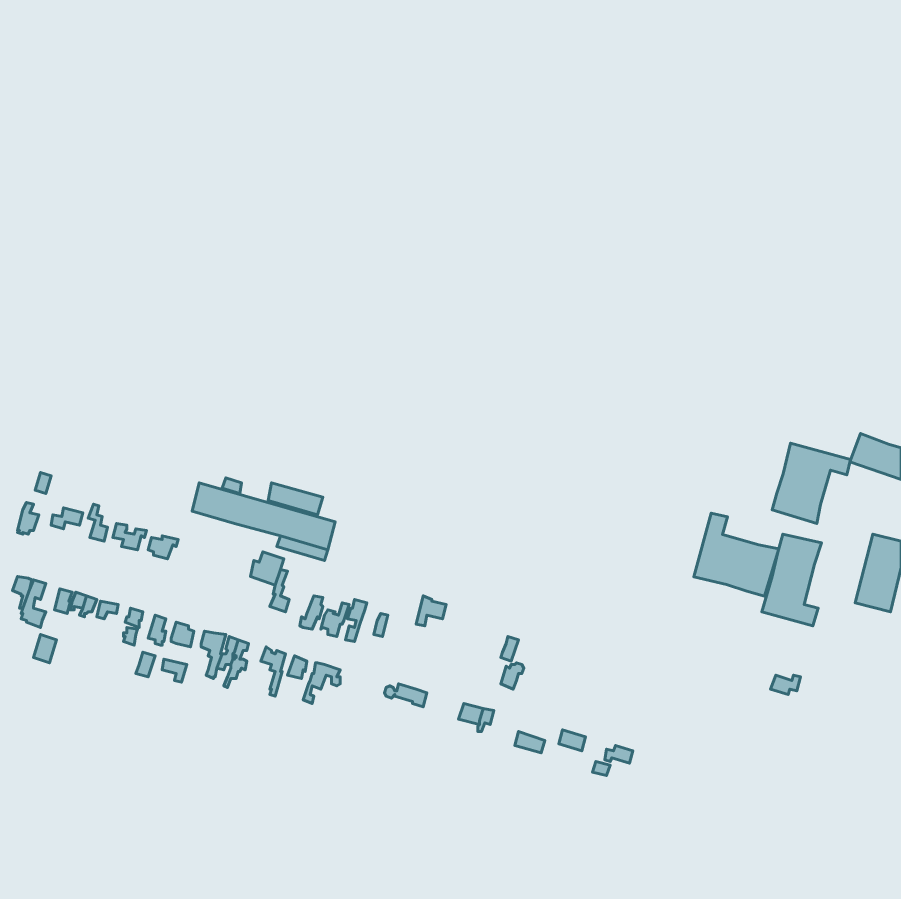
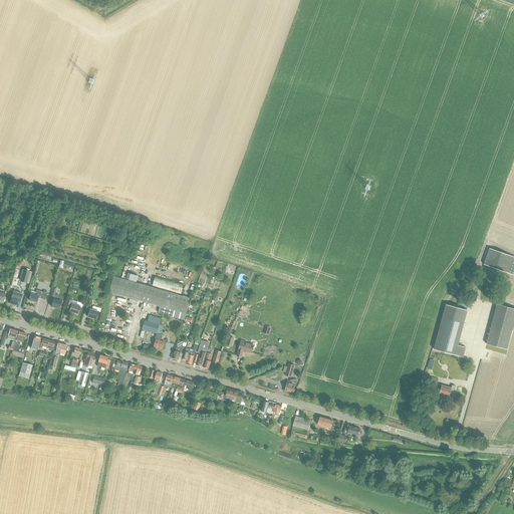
building: [772,443,850,523] -> none
building: [694,513,779,596] -> none

